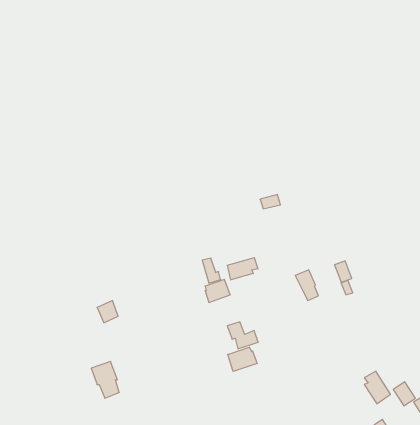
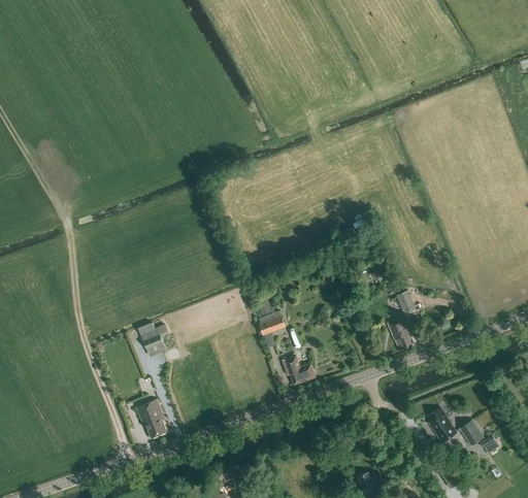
building: [228,258,258,280] -> none
building: [295,270,318,301] -> [387,318,411,351]
building: [228,347,257,371] -> none

